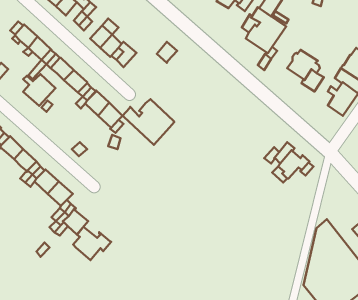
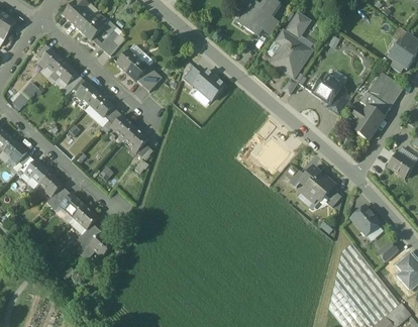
building: none -> [193,70,223,100]
building: [23,74,55,106] -> none
building: [122,99,174,145] -> none
building: none -> [350,206,377,234]
building: [73,227,111,260] -> none

